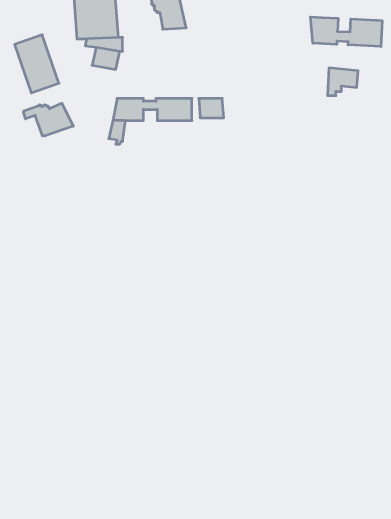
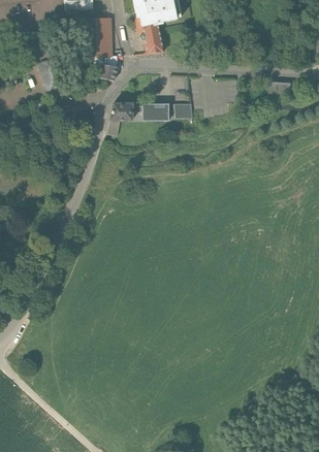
building: [310,17,382,47] -> none
building: [24,103,73,136] -> none

